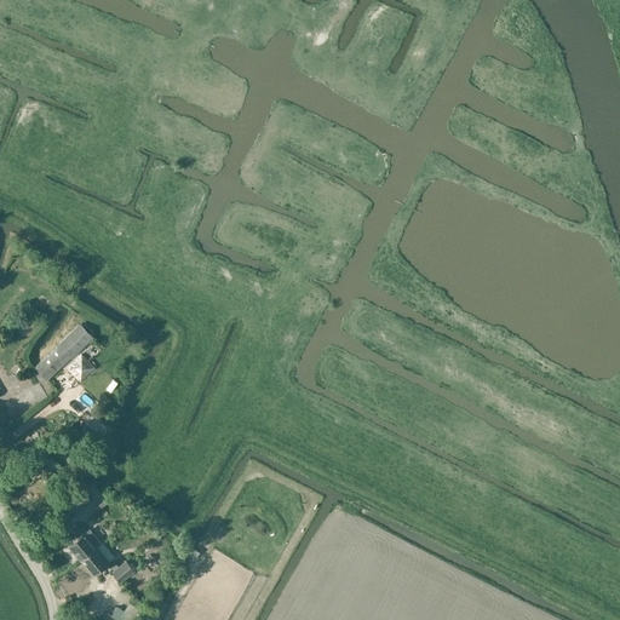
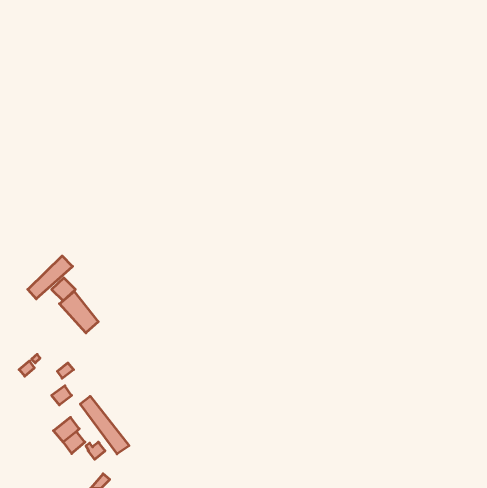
building: none -> [59,291,98,333]
building: none -> [80,396,129,454]

